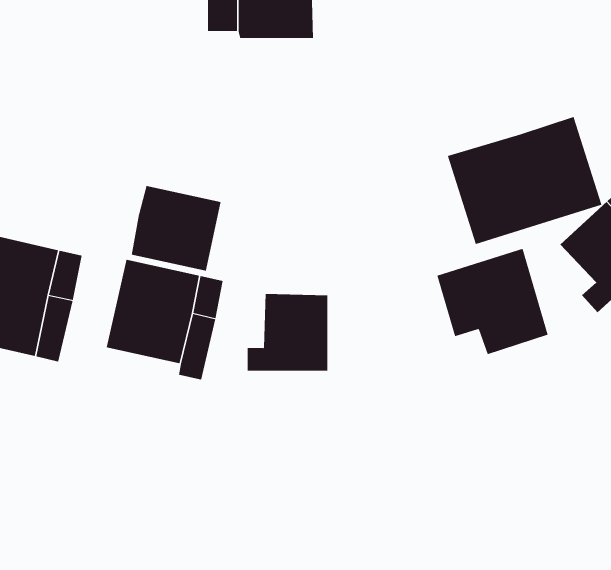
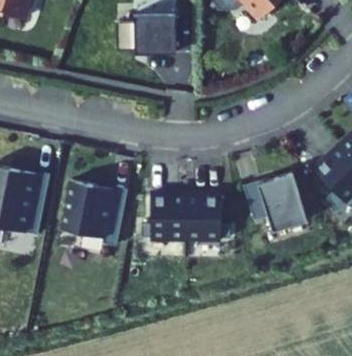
building: [447,116,602,245] -> none
building: [131,185,221,272] -> none
building: none -> [185,198,229,241]

